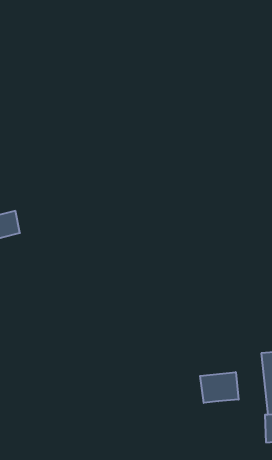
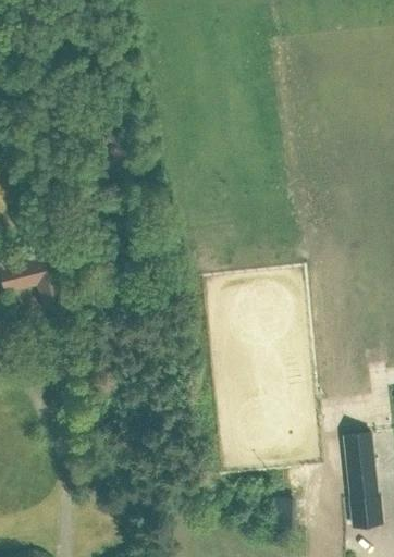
building: [200,372,239,403] -> none

